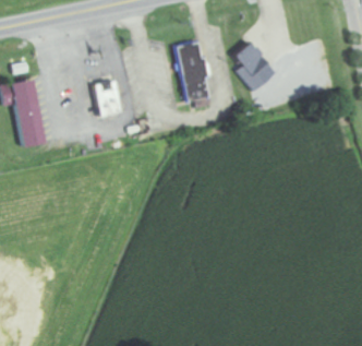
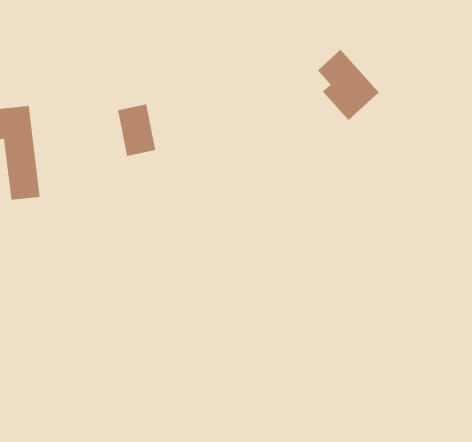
building: [176,43,208,103] -> none

